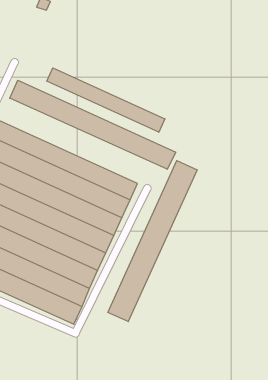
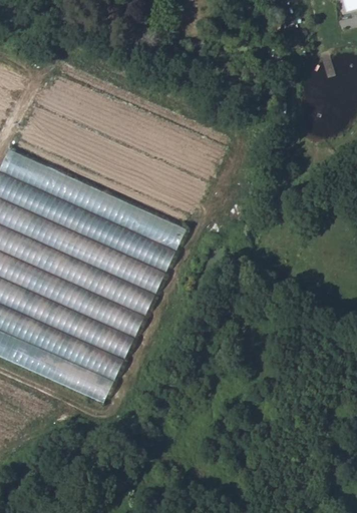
building: [47,68,165,132] -> none
building: [10,80,176,169] -> none
building: [108,161,197,322] -> none

